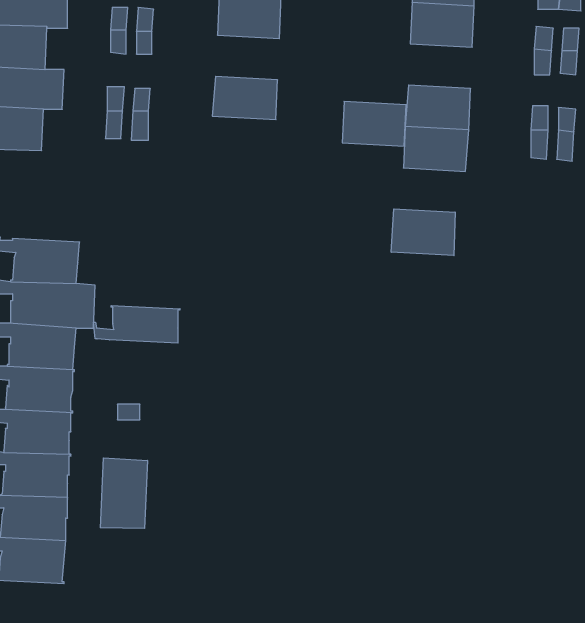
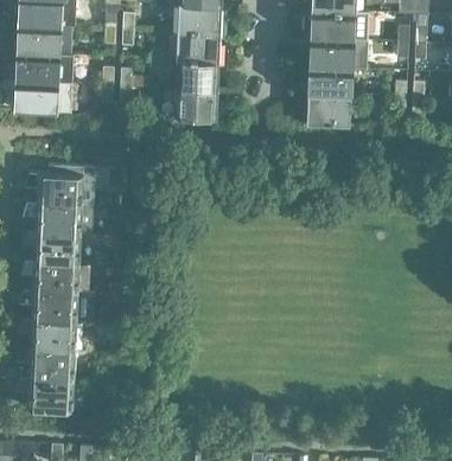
building: none -> [176,34,219,65]
building: [342,101,406,146] -> [308,40,352,71]
building: none -> [172,90,217,122]
building: [391,209,455,256] -> none
building: [94,306,180,343] -> none
building: [100,458,147,528] -> none

